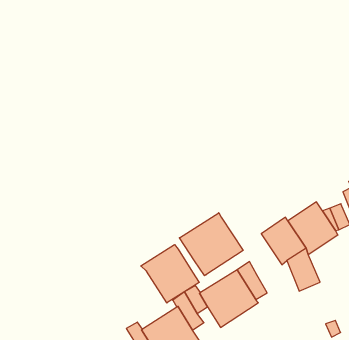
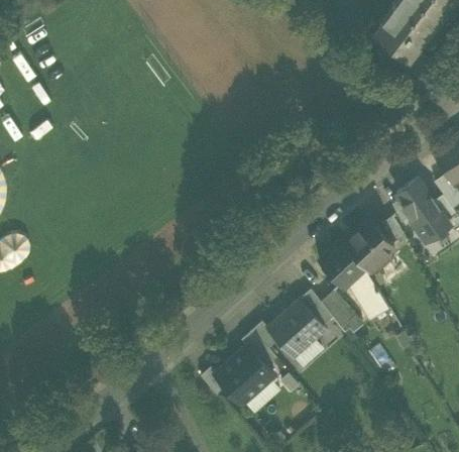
building: [179,213,243,276] -> none
building: [141,245,199,303] -> none
building: none -> [321,289,356,328]

